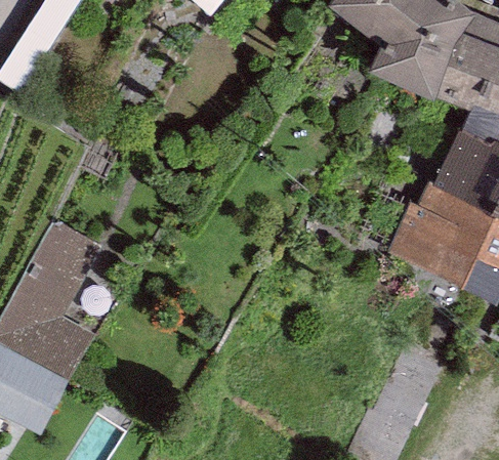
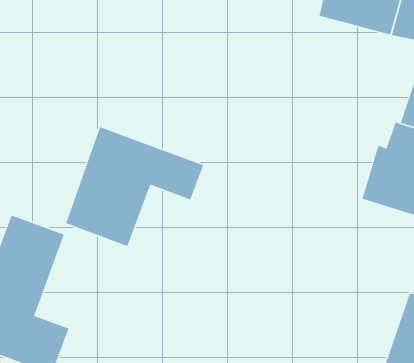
building: none -> [65,126,204,247]

